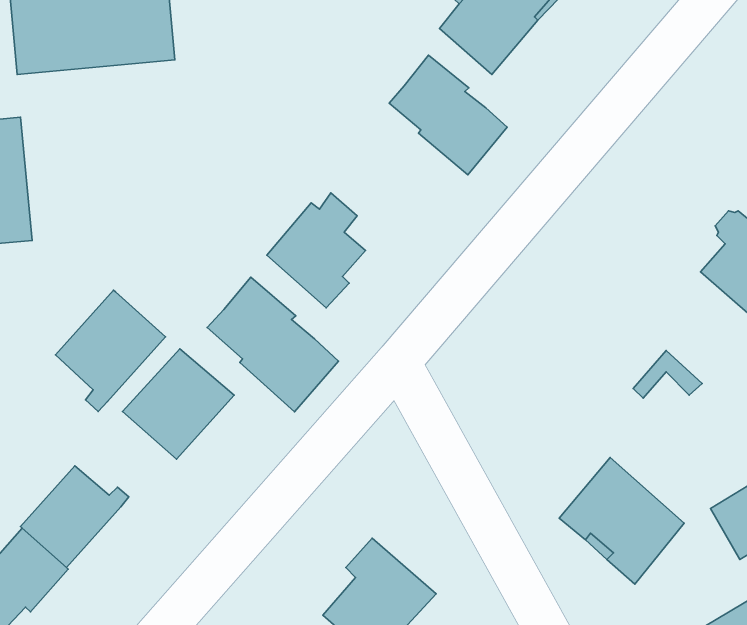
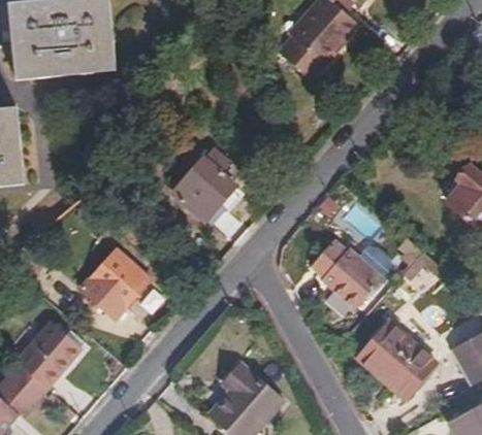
building: [389,55,507,175] -> none
building: [207,277,338,412] -> none
building: [56,290,166,411] -> none
building: none -> [312,239,383,308]

